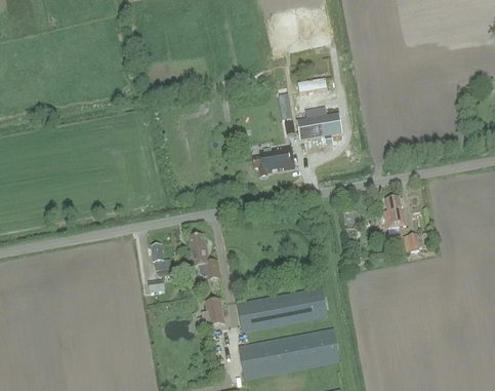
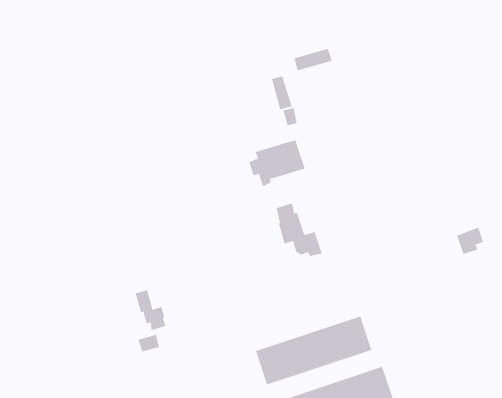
building: [296,114,341,145] -> none
building: [383,197,406,229] -> none
building: [190,236,220,279] -> [276,203,322,257]
building: [206,299,225,326] -> none

